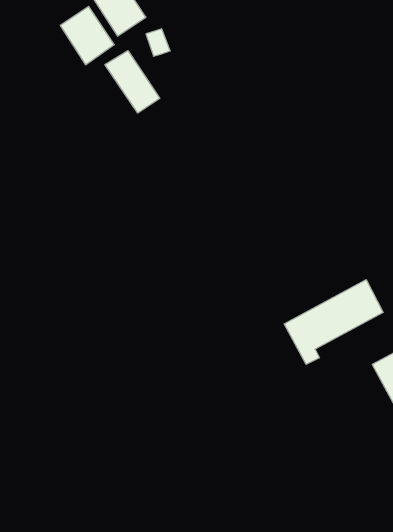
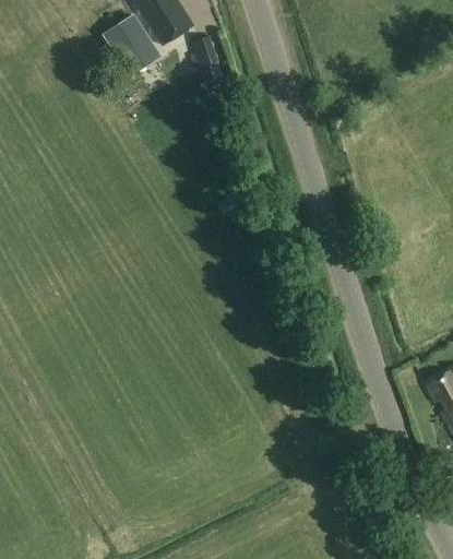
building: [105,51,160,113] -> none
building: [284,280,383,364] -> none

